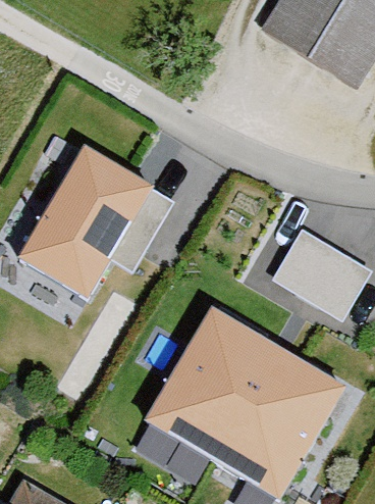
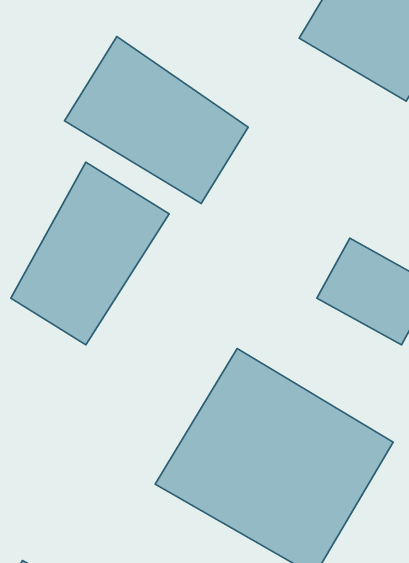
building: none -> [64,36,248,204]

